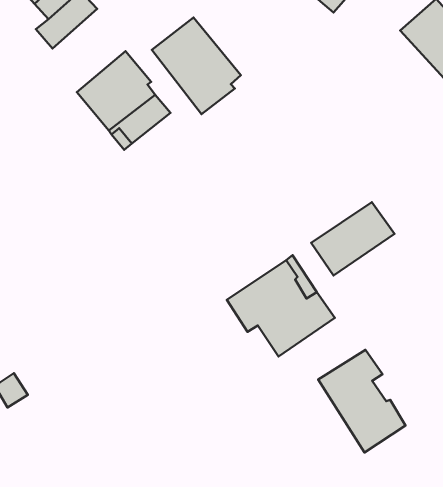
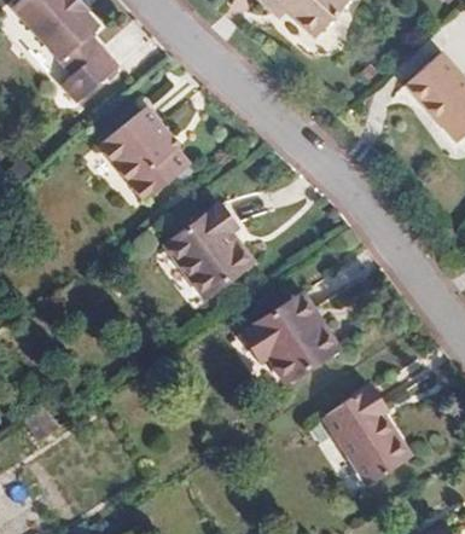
building: [152,18,241,114] -> none
building: none -> [167,203,249,295]
building: [311,202,395,275] -> none

